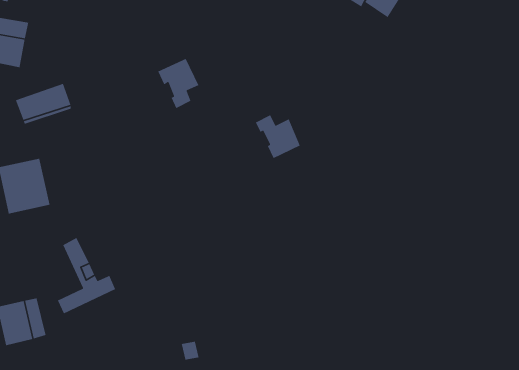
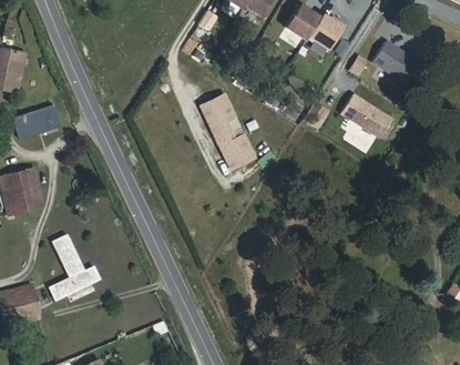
building: none -> [371,41,426,87]
building: [157,58,199,109] -> [201,93,236,136]
building: none -> [341,93,392,139]

